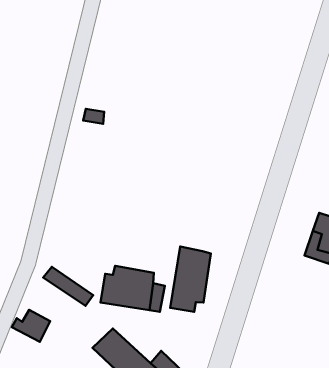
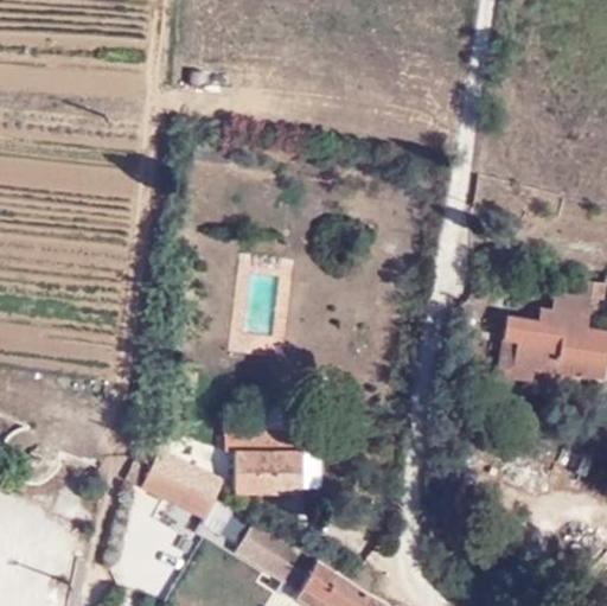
building: [170,246,211,312] -> none
building: none -> [128,463,213,522]

